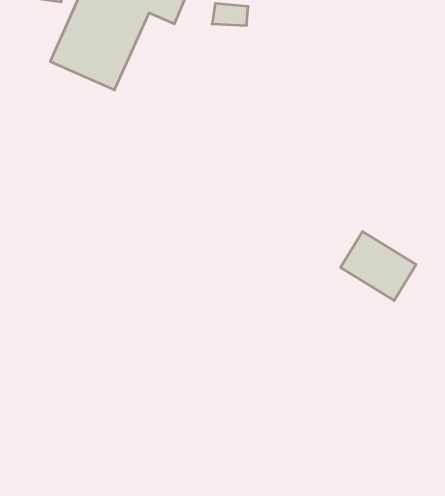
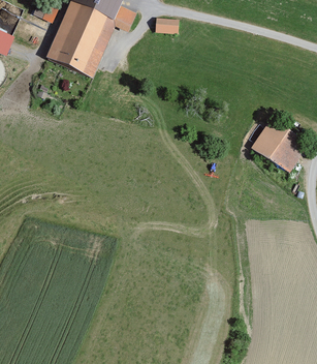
building: [341,231,416,301] -> [251,122,300,168]

